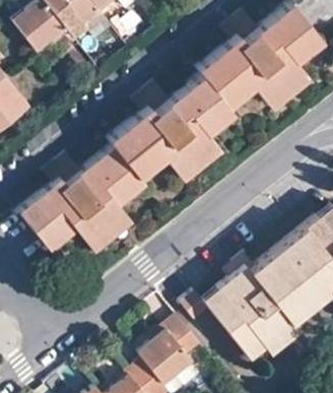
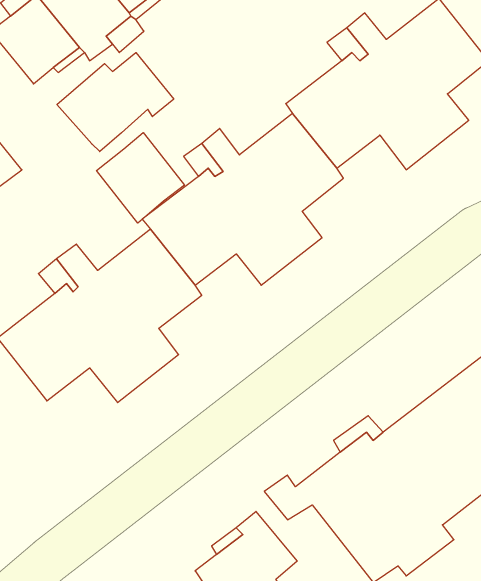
building: none -> [57,53,174,152]
building: none -> [97,133,184,223]

